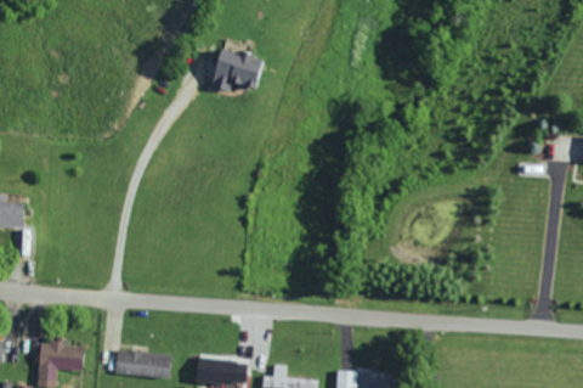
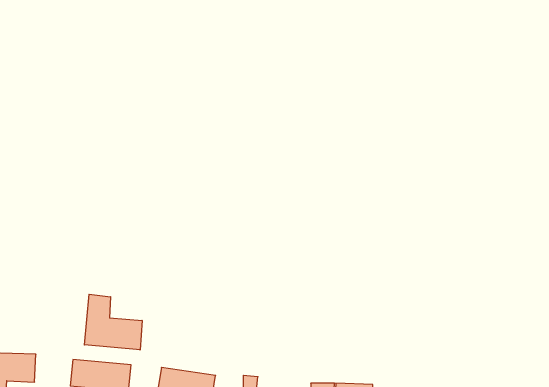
building: [211,50,264,90] -> none
building: none -> [84,294,142,350]

